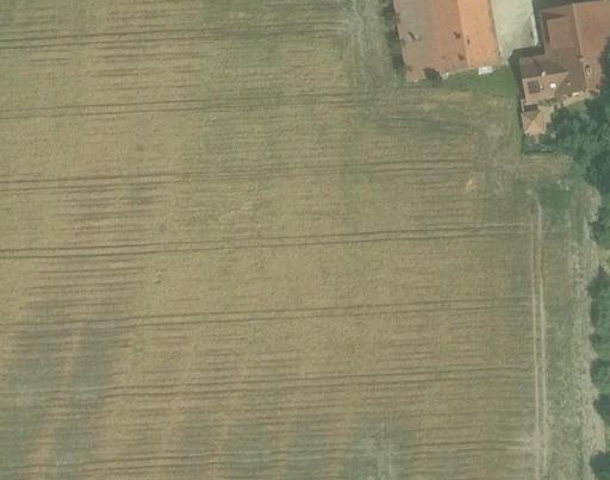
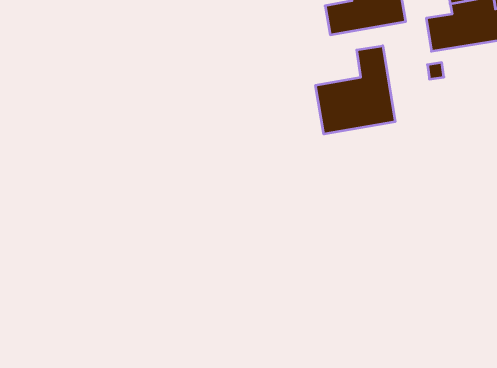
building: none -> [316,46,395,134]

